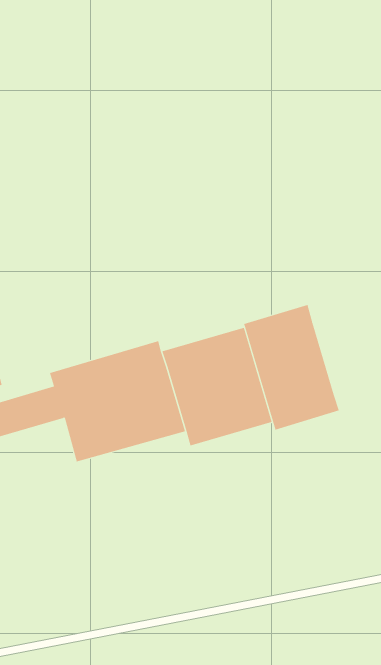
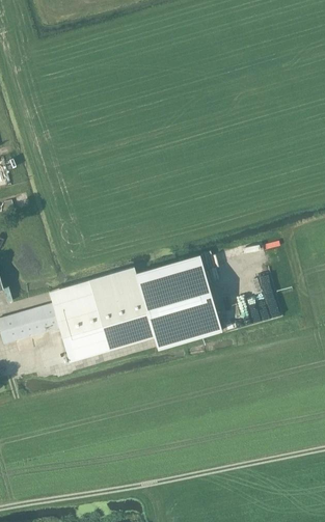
building: [243,304,339,430] -> none

